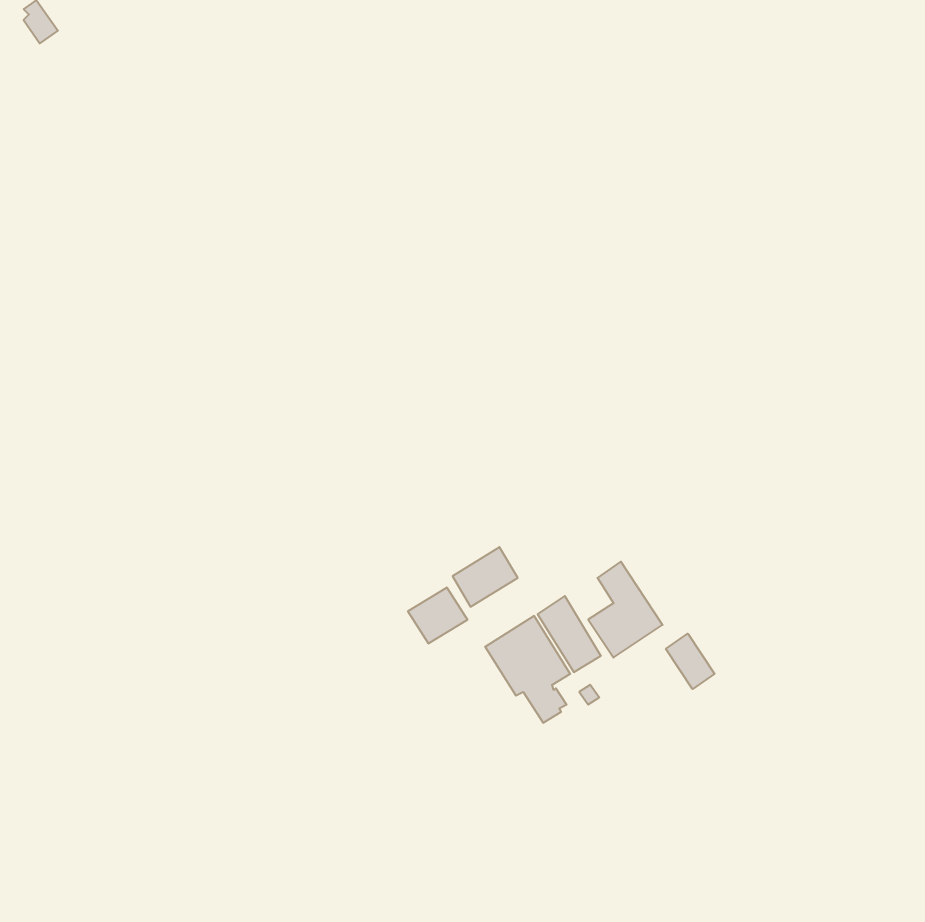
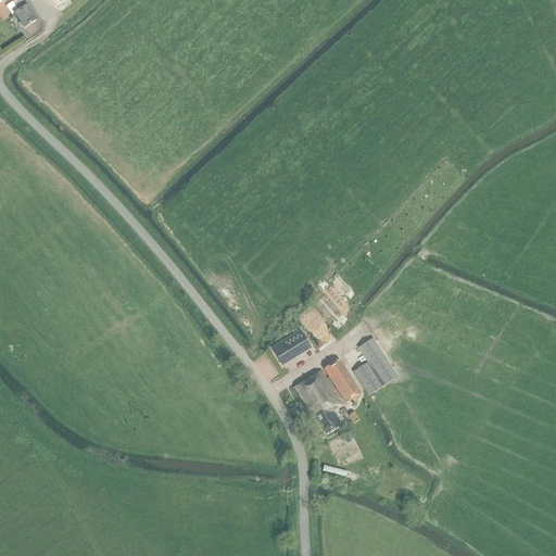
building: [408,587,467,644] -> none
building: [666,634,715,689] -> none

